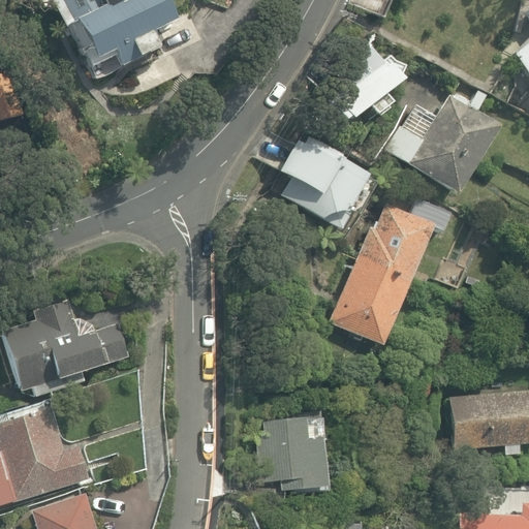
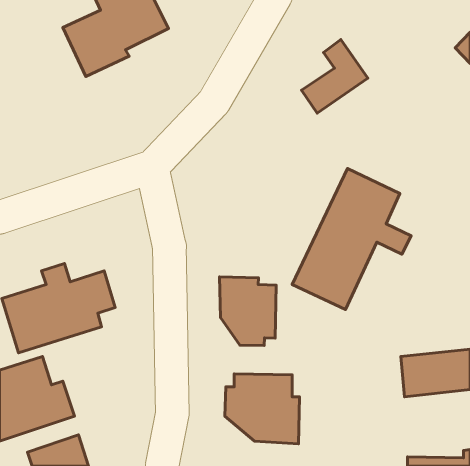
building: [378,92,504,203] -> none
building: [248,124,376,226] -> none
building: none -> [220,277,276,345]

